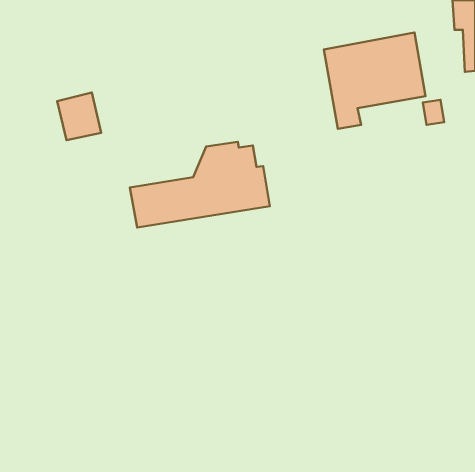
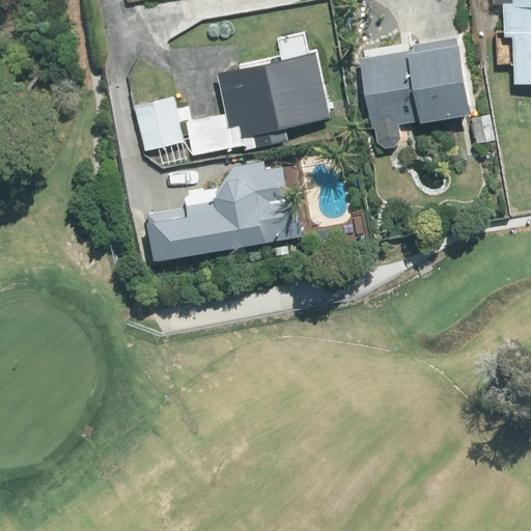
building: none -> [184,51,332,163]
building: [57,93,101,140] -> [133,99,181,151]

